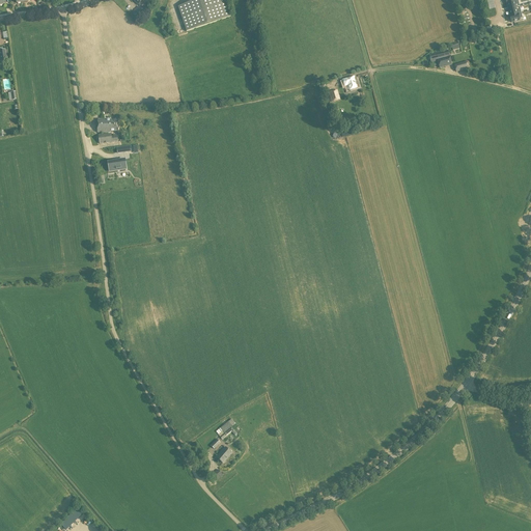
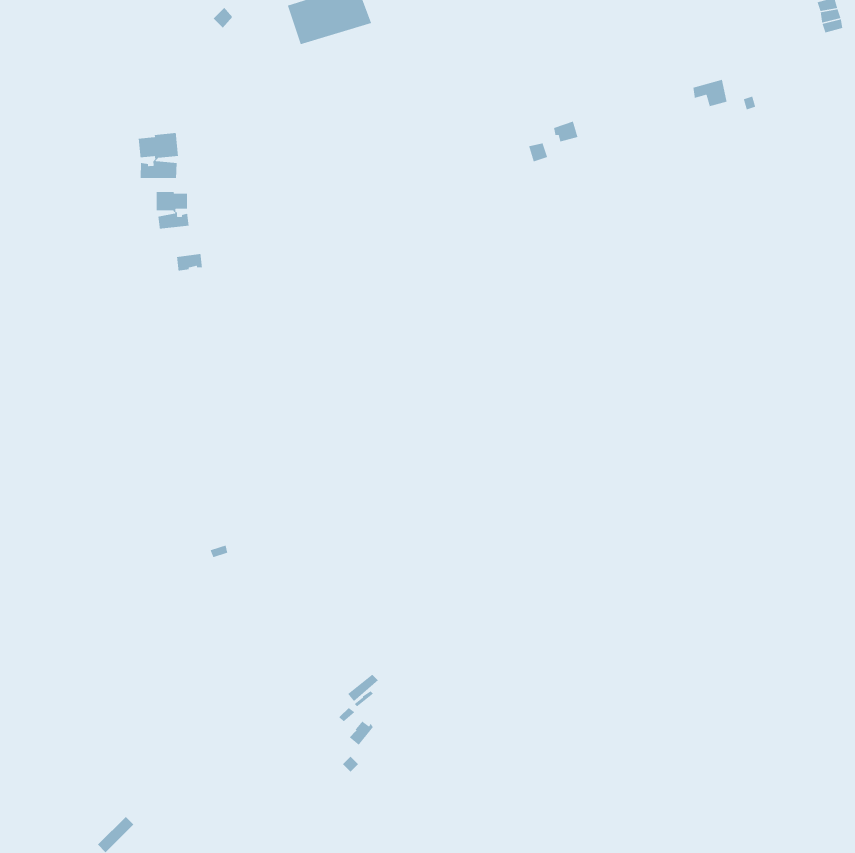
building: none -> [138,132,179,179]

